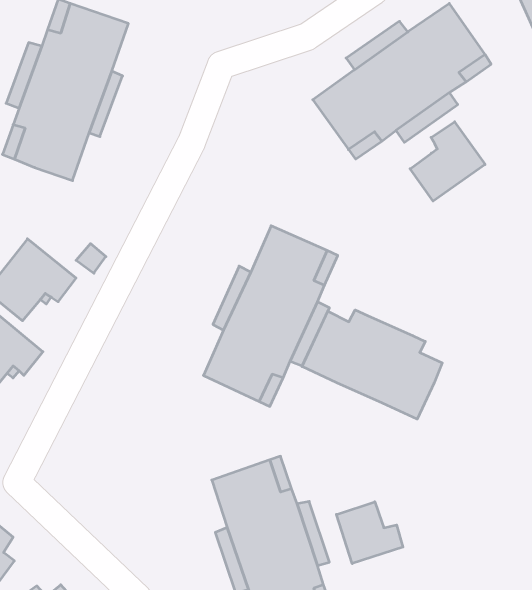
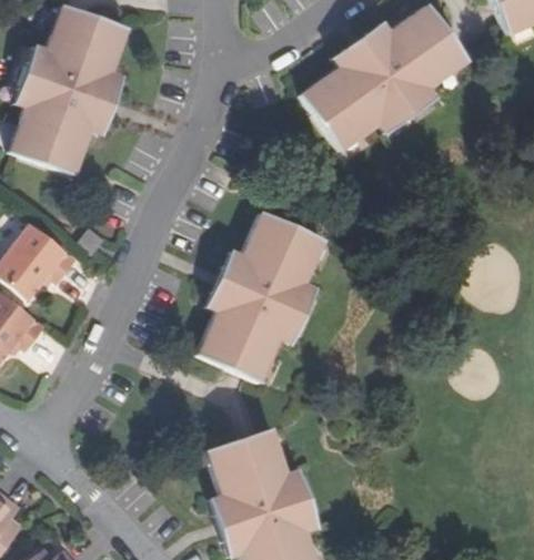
building: [410,122,485,201] -> none
building: [302,310,442,419] -> none
building: [336,502,403,564] -> none

